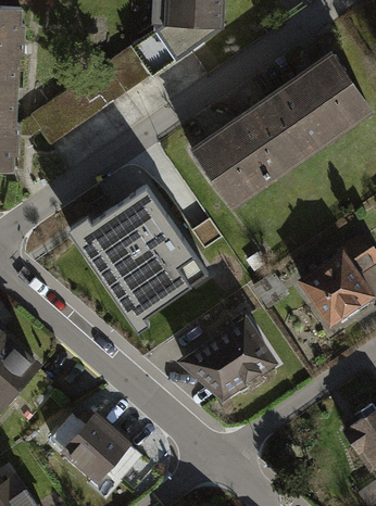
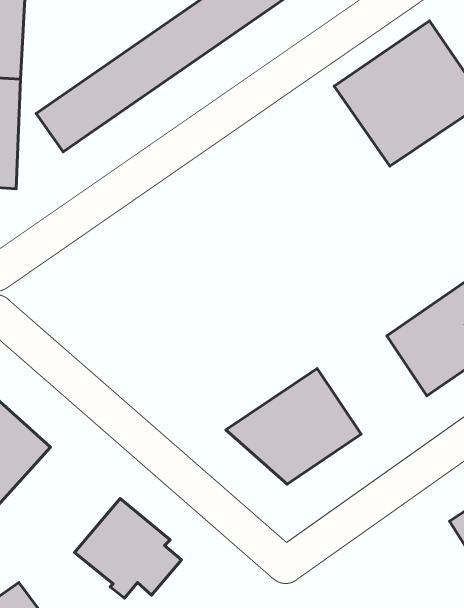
building: [188,96,300,204] -> none
building: [70,184,208,329] -> none

